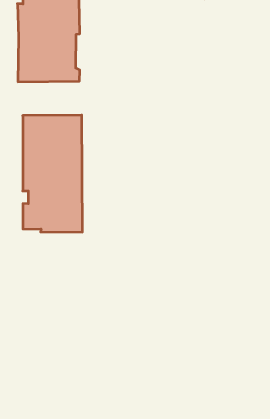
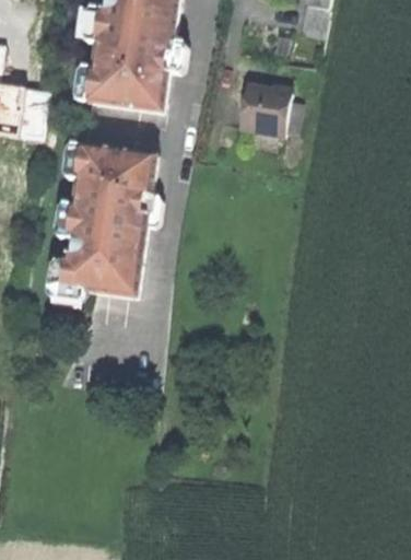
building: none -> [235,88,285,136]

